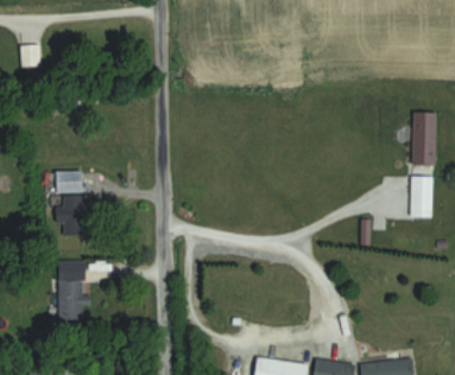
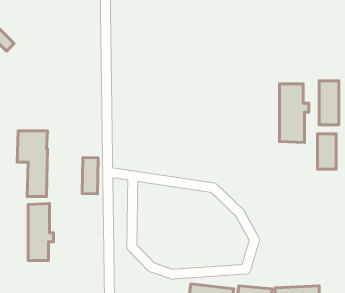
building: none -> [280,84,309,143]
building: none -> [82,157,98,194]

